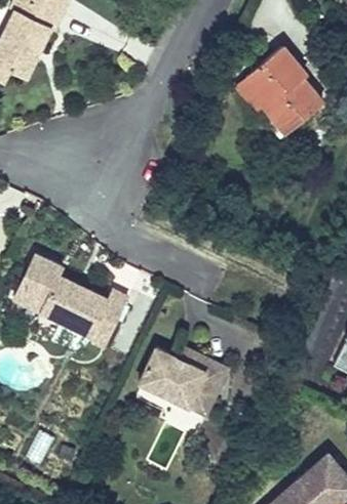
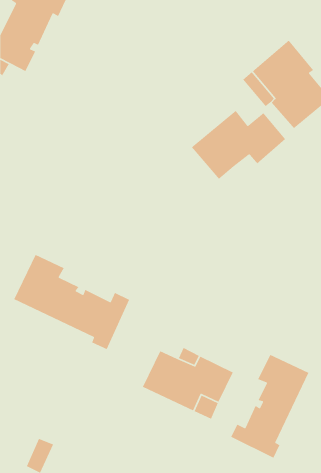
building: none -> [191,110,286,180]
building: none -> [230,354,310,459]

